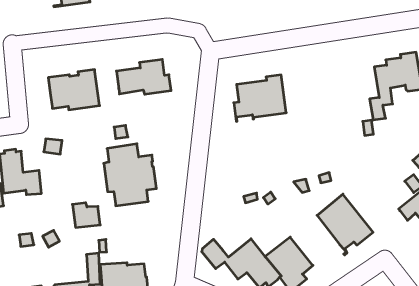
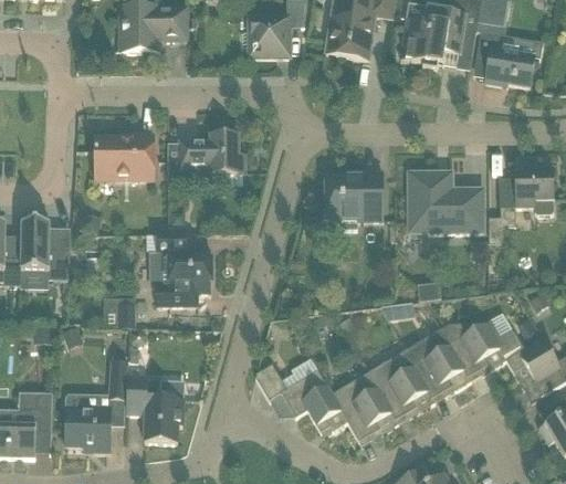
building: none -> [407,172,483,238]
building: none -> [438,318,522,381]
building: none -> [366,351,426,425]

